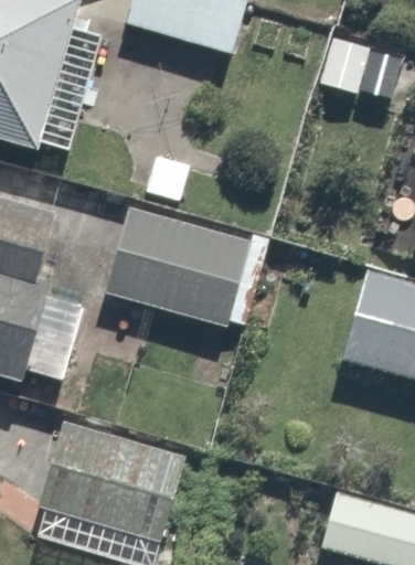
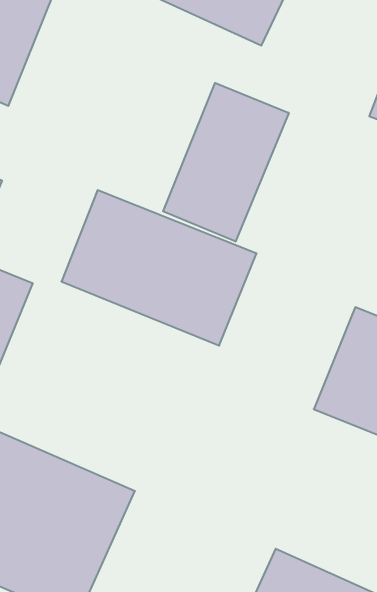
building: none -> [163,83,289,242]

